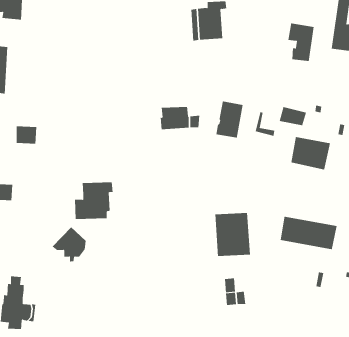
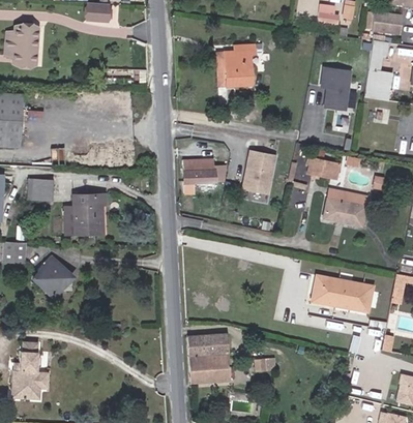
building: [74,182,113,219] -> [63,193,106,234]
building: [214,212,251,257] -> [189,334,229,382]
building: [52,226,86,265] -> [30,256,67,298]

